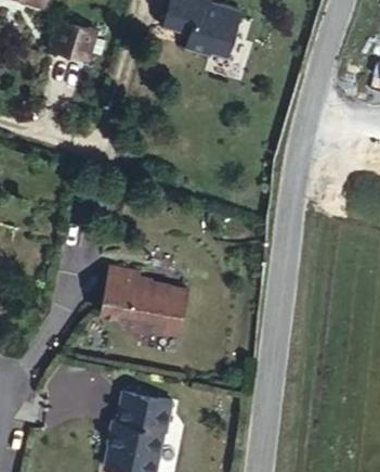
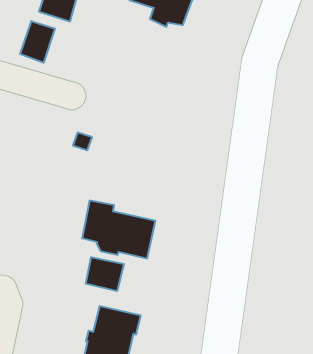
building: none -> [20,21,55,63]
building: none -> [86,257,124,291]

